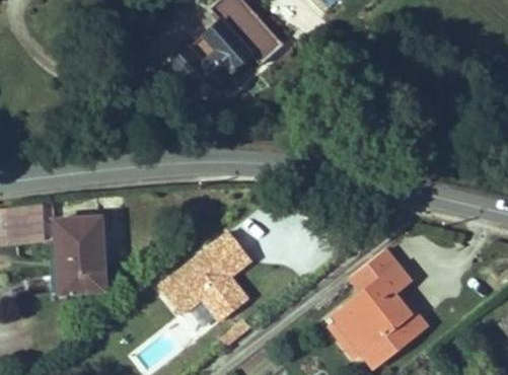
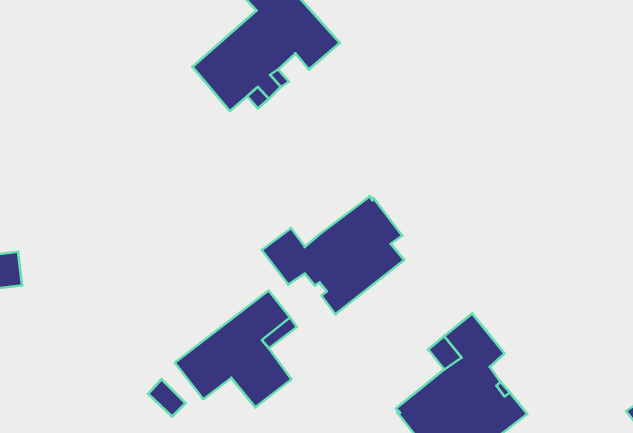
building: none -> [262,196,404,314]
building: [55,216,104,292] -> none

